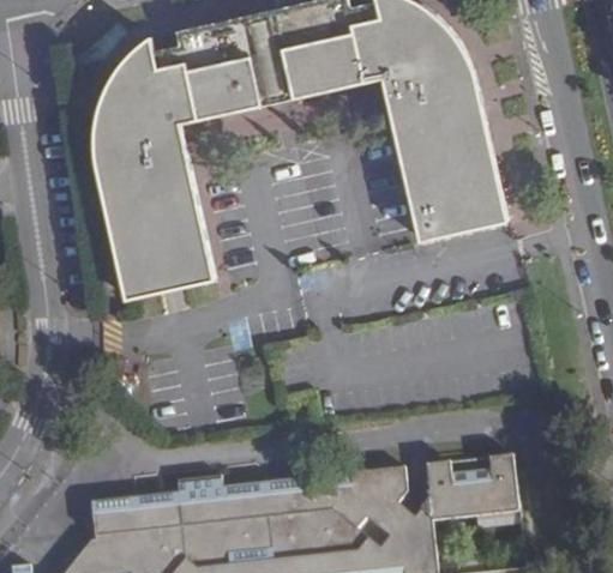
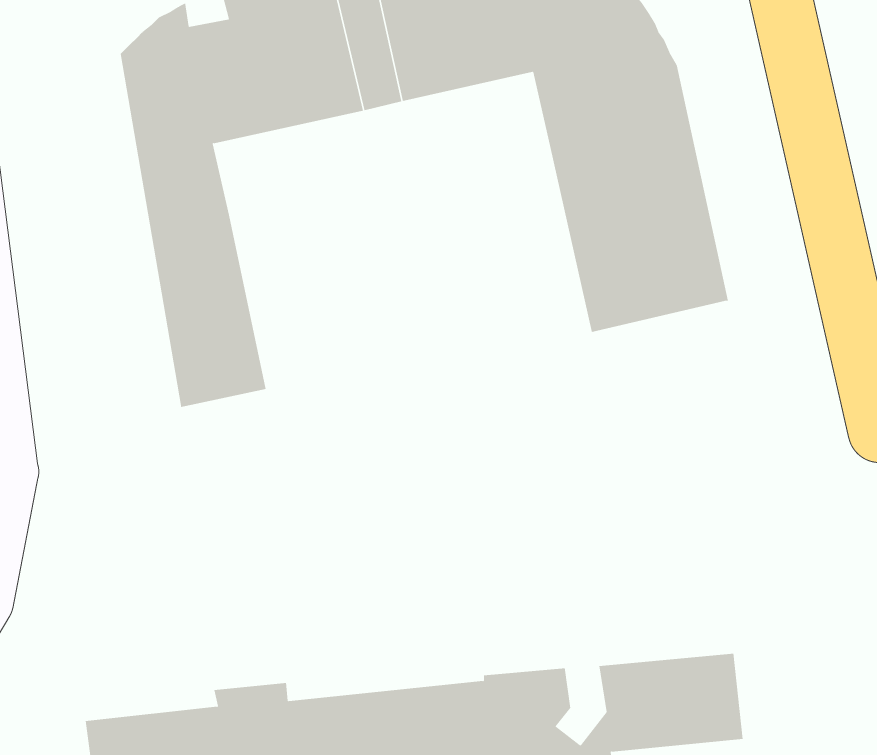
building: [88,67,152,302] -> none

